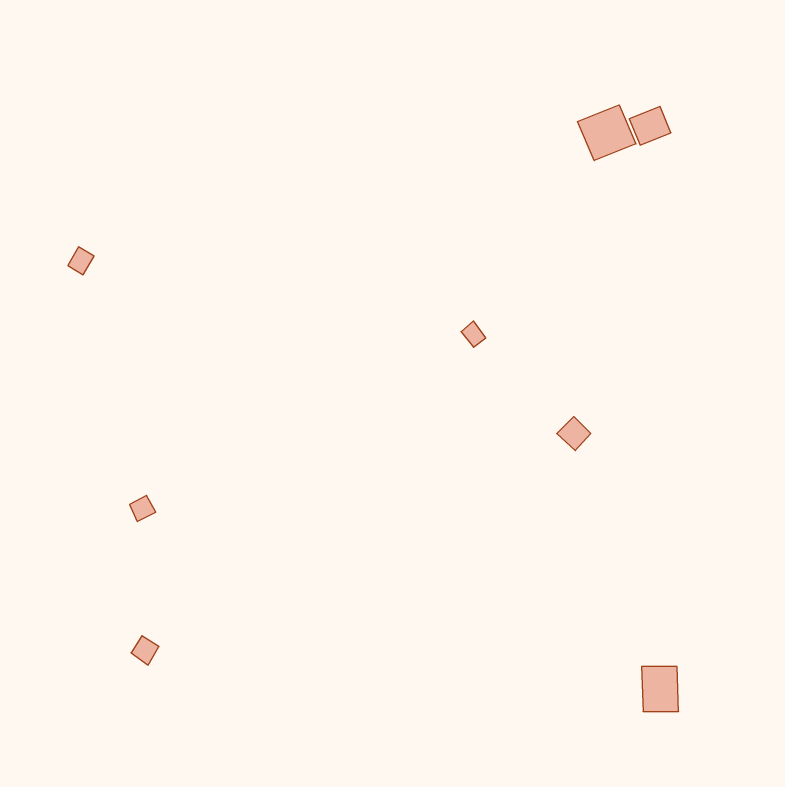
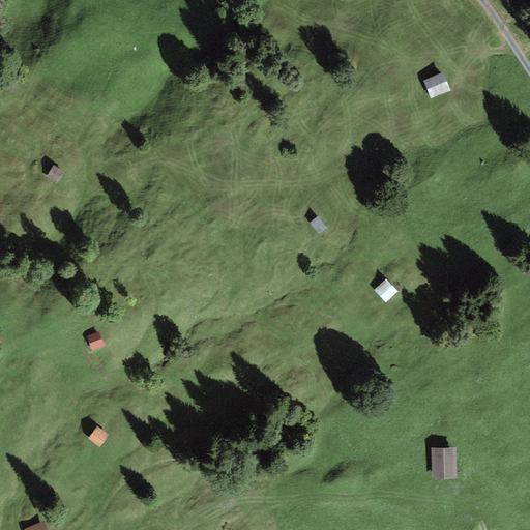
building: [577,105,636,161] -> none

